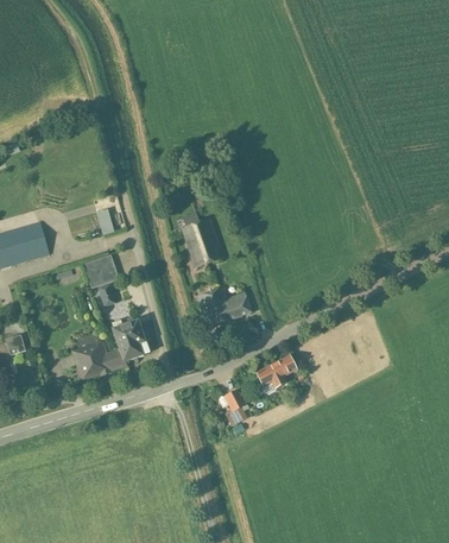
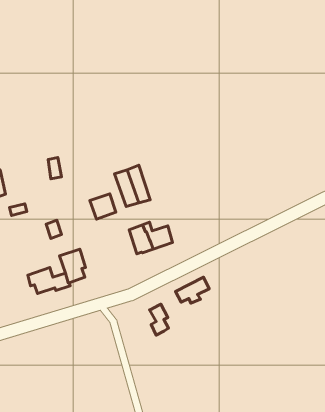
building: [84,255,116,286] -> [90,194,116,219]

